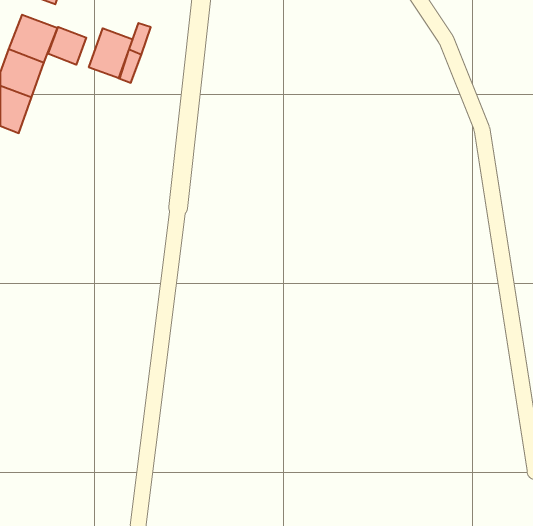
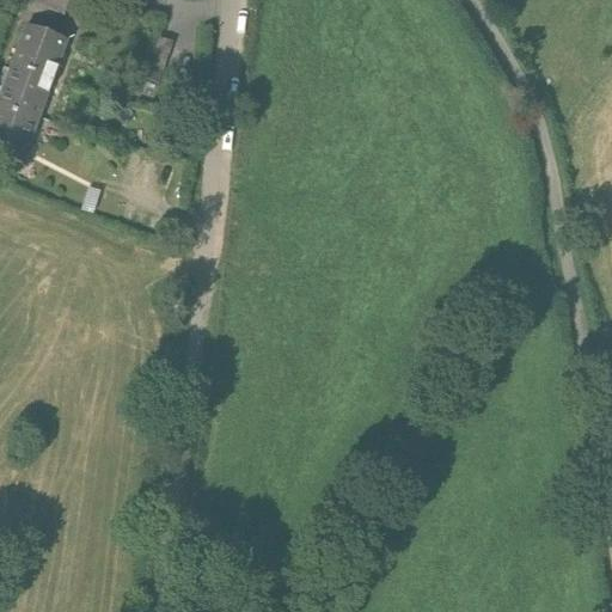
building: [48,27,86,65] -> none
building: [89,28,132,78] -> none

